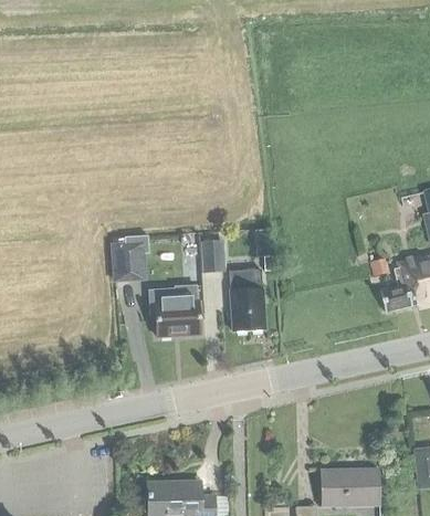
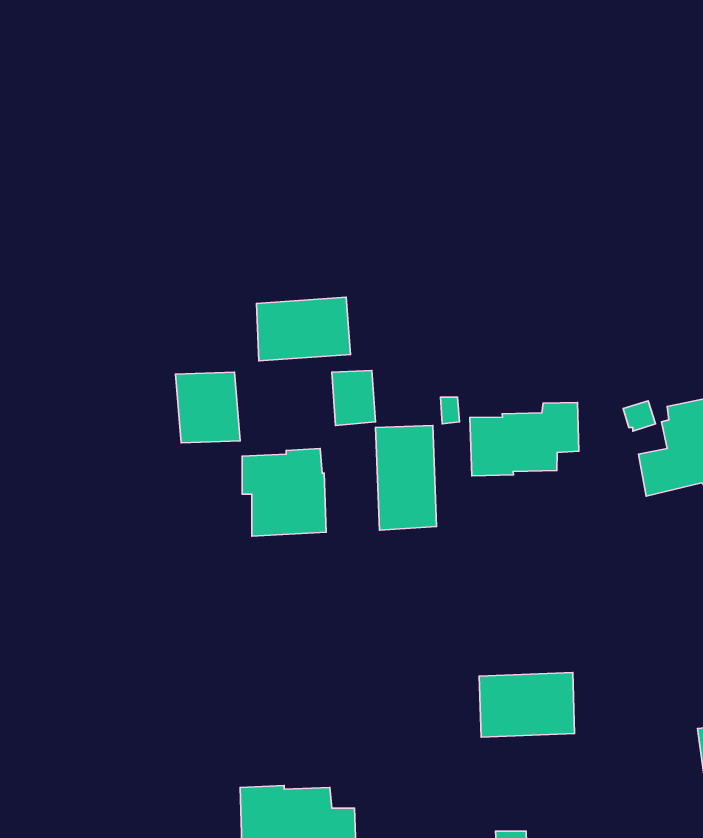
building: none -> [256,297,351,361]
building: none -> [470,403,579,476]
building: [324,468,379,506] -> [479,673,575,737]

